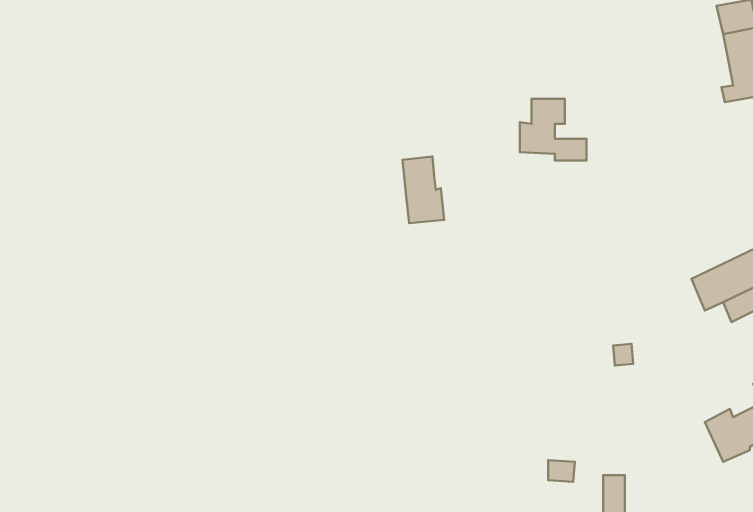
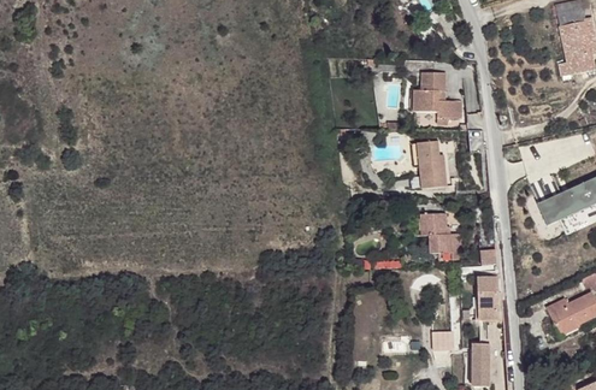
building: [403,157,444,223] -> [417,140,447,188]
building: none -> [420,213,462,260]
building: none -> [478,277,497,320]

